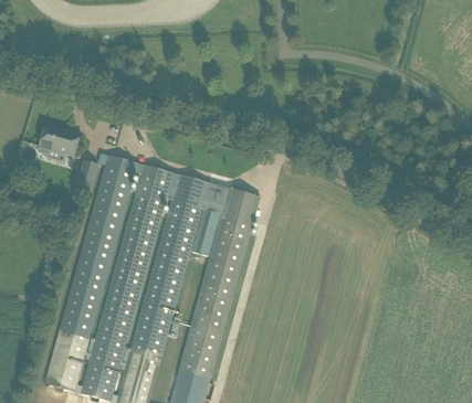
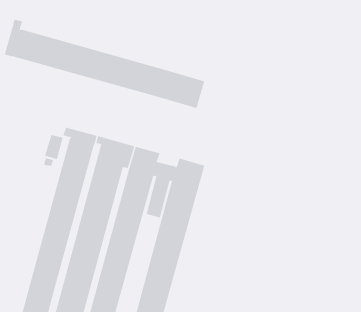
building: none -> [4,19,205,109]
building: [39,123,81,157] -> none

